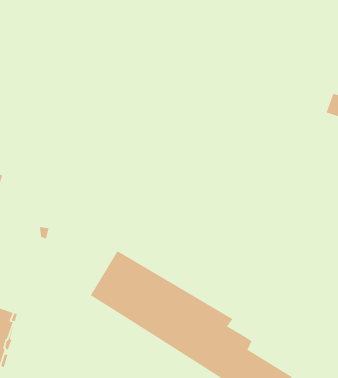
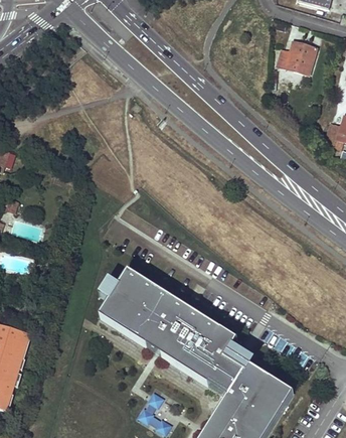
building: none -> [276,40,316,74]

